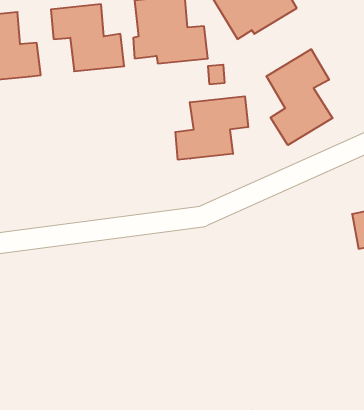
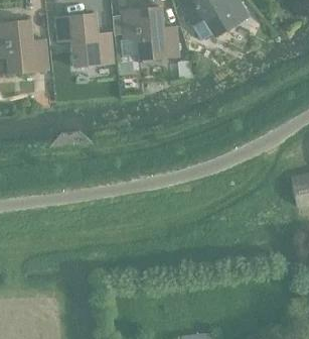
building: [266,49,333,145] -> none
building: [175,96,248,160] -> none

